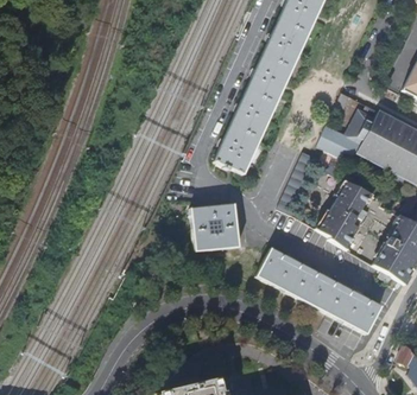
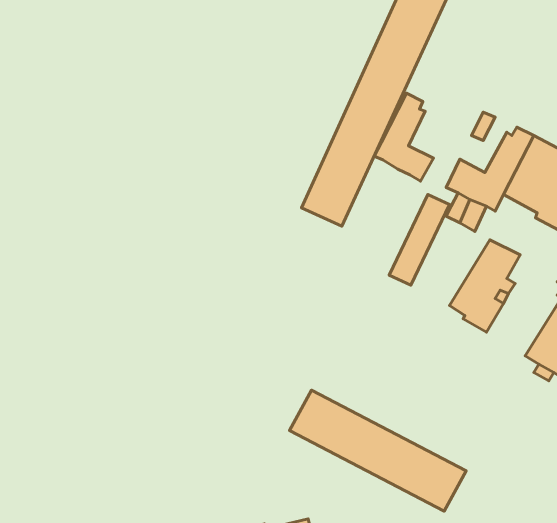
building: none -> [374,93,434,181]
building: [192,203,240,250] -> none
building: [258,247,383,332] -> [290,390,466,511]

